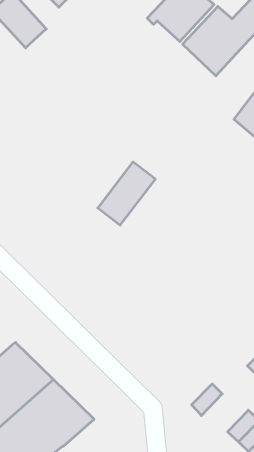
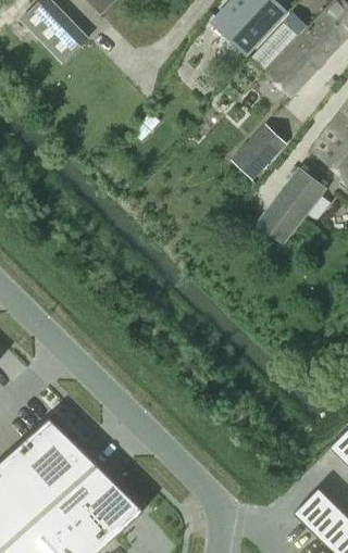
building: none -> [239,125,285,179]
building: [98,162,155,225] -> [257,168,326,244]
building: [192,384,222,416] -> [293,488,330,526]

